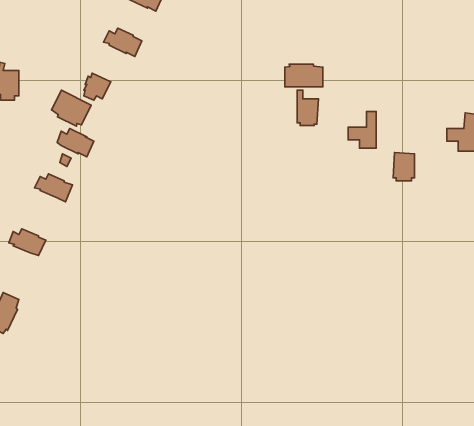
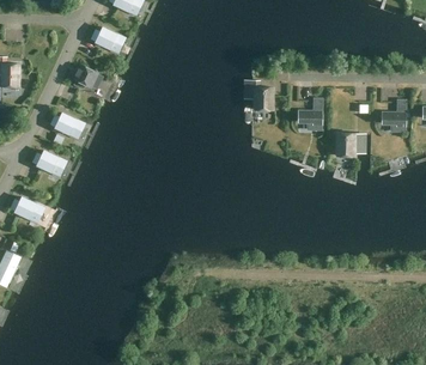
building: [285,64,323,87] -> none
building: [52,90,91,126] -> none

